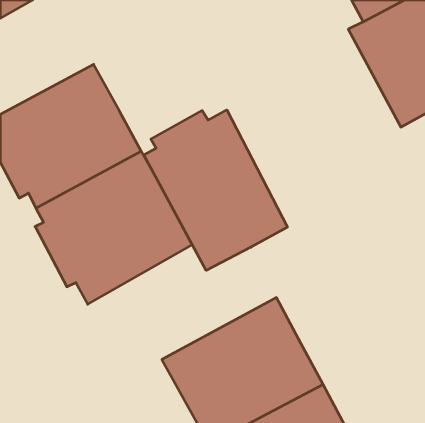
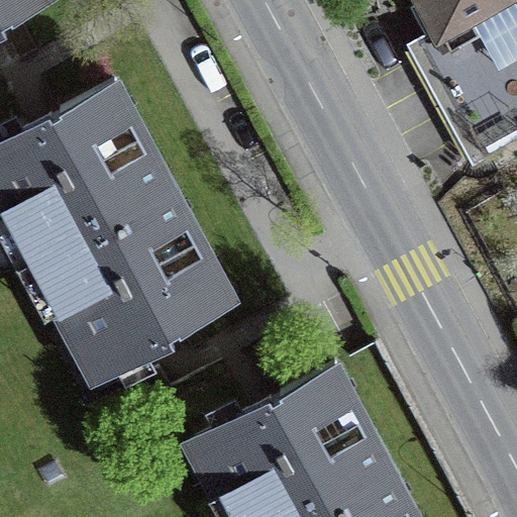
building: [144,110,287,270] -> none

